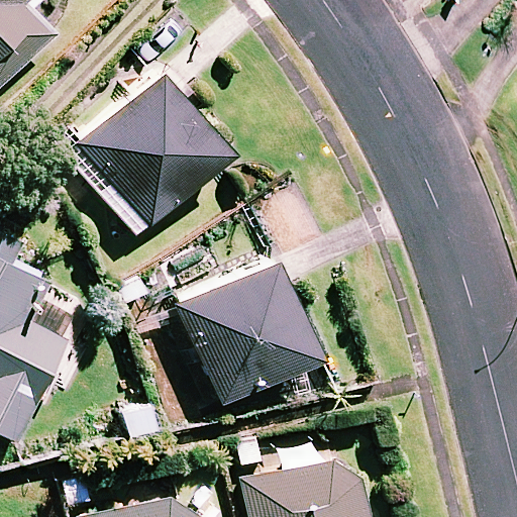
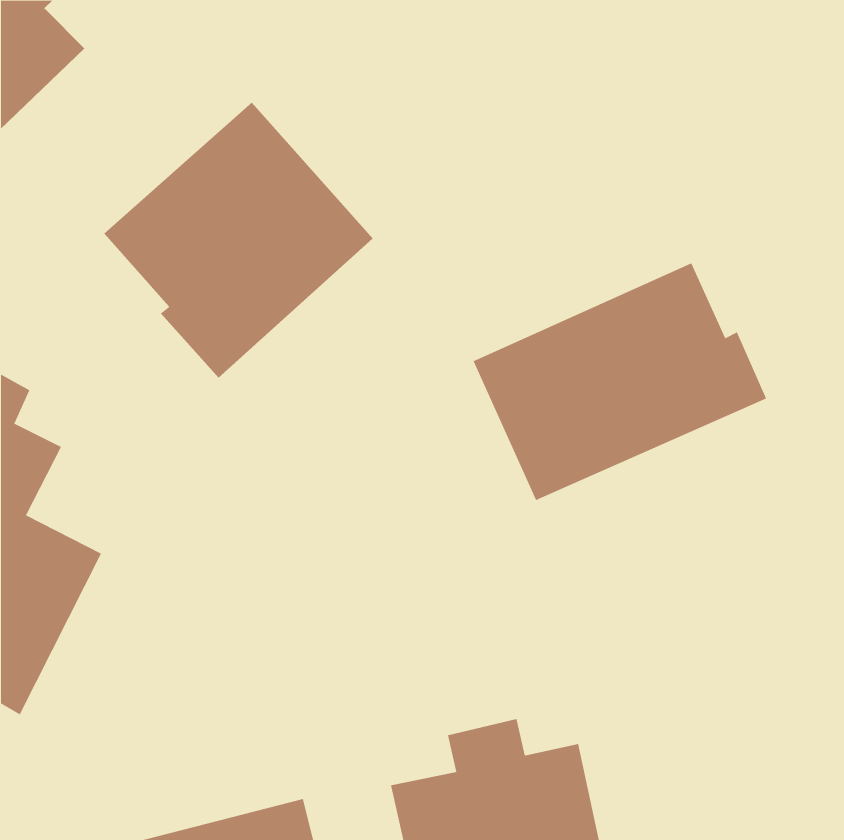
building: none -> [473,262,767,501]
building: [178,261,320,402] -> none

